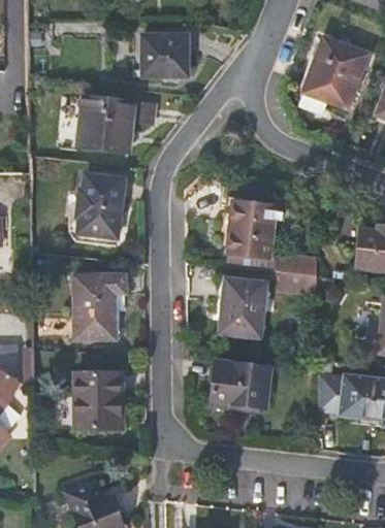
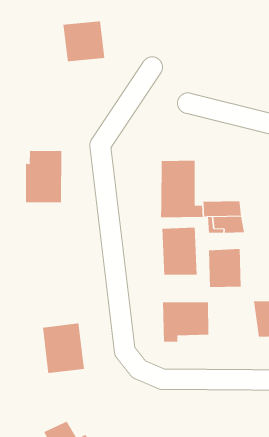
building: [303,41,364,108] -> none
building: [78,98,154,152] -> none
building: [75,273,126,337] -> none
building: none -> [209,248,241,288]

